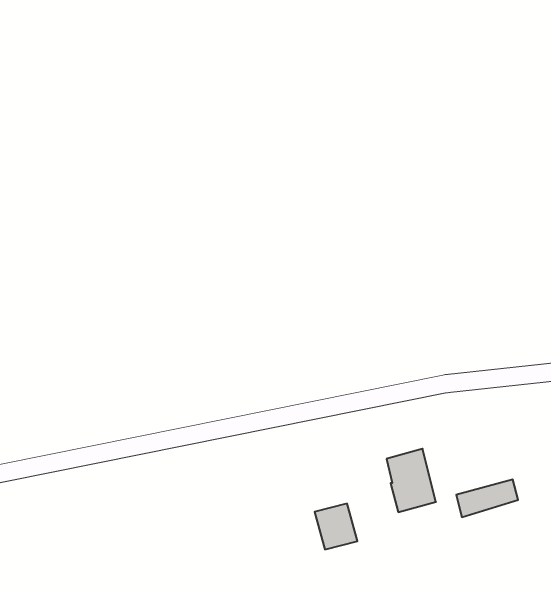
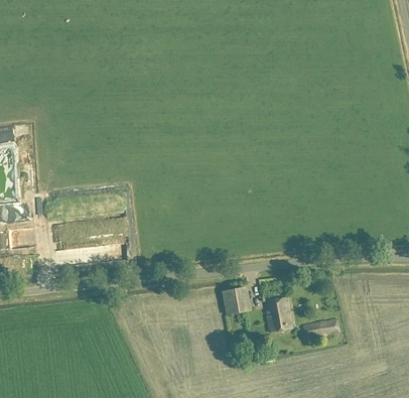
building: [315,504,357,549] -> [224,287,247,312]

